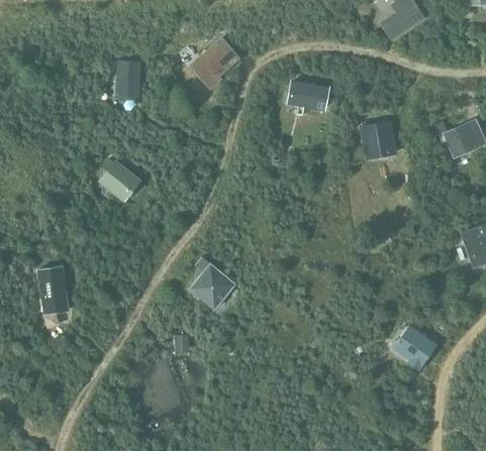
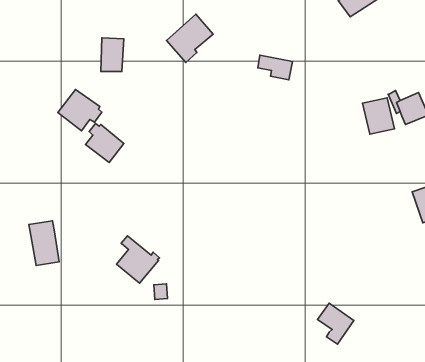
building: none -> [58,90,102,131]
building: [360,120,395,160] -> [363,98,394,134]
building: [189,256,236,309] -> [117,236,159,283]
building: [396,325,436,370] -> [317,303,354,344]

